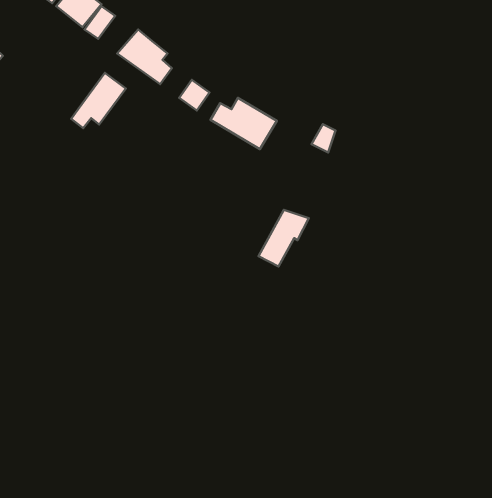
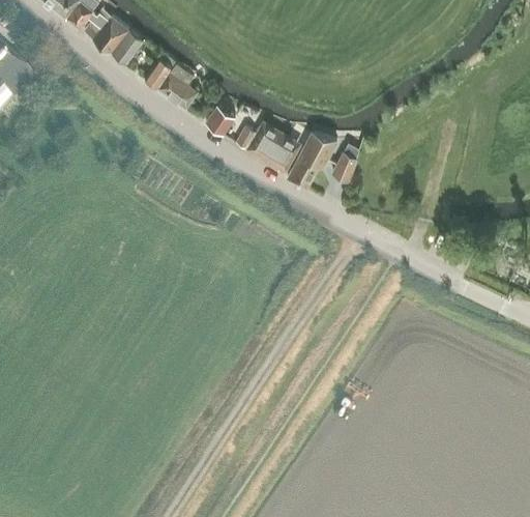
building: [71,73,126,128] -> none
building: [259,210,309,267] -> [286,130,335,185]

